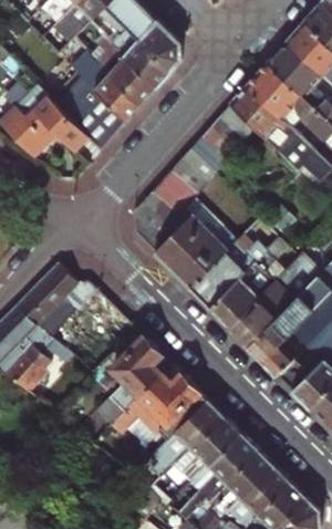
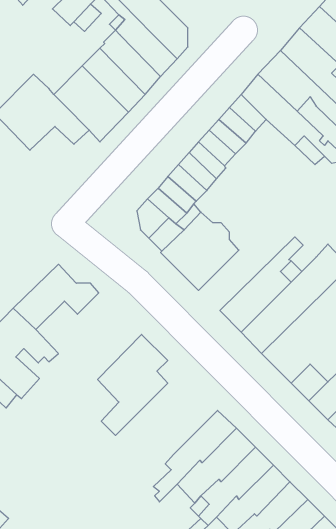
building: [189,228,279,307] -> none
building: [107,374,207,440] -> none

